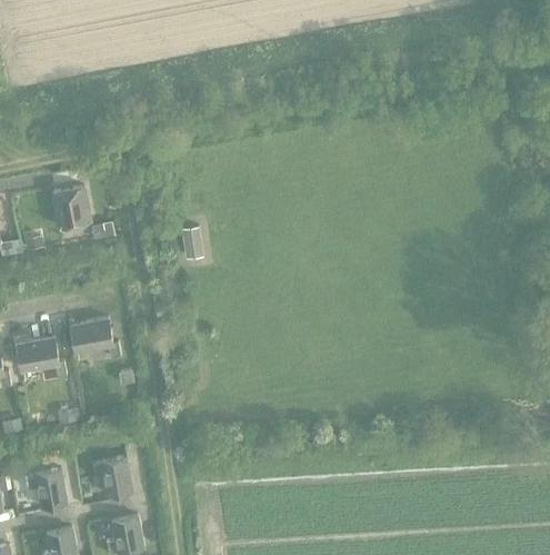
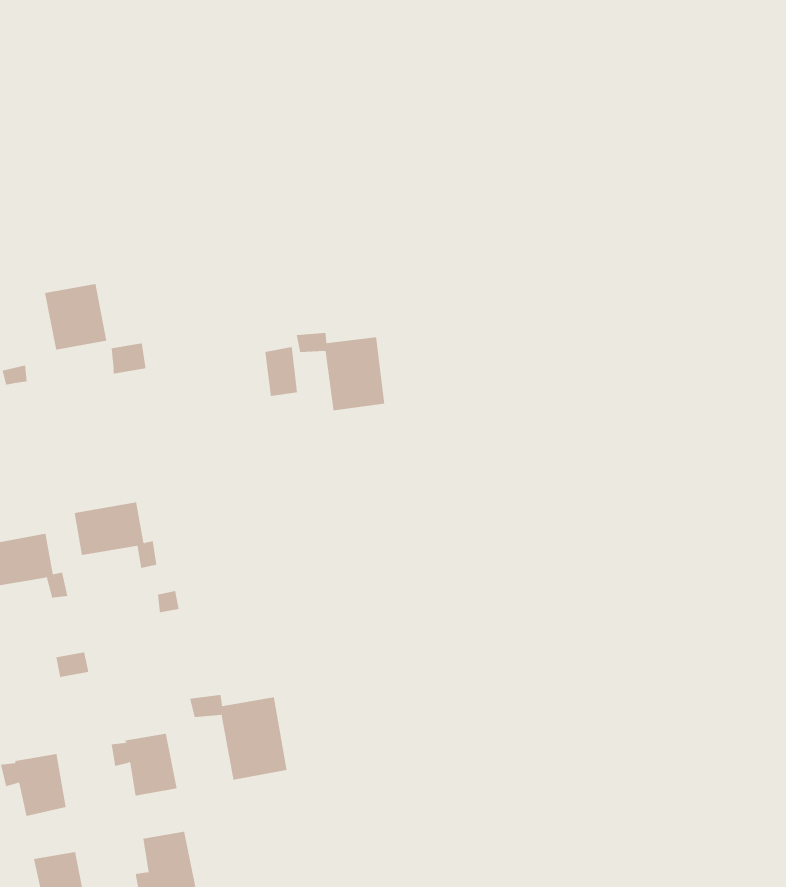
building: none -> [296,332,385,411]
building: none -> [190,694,287,780]

